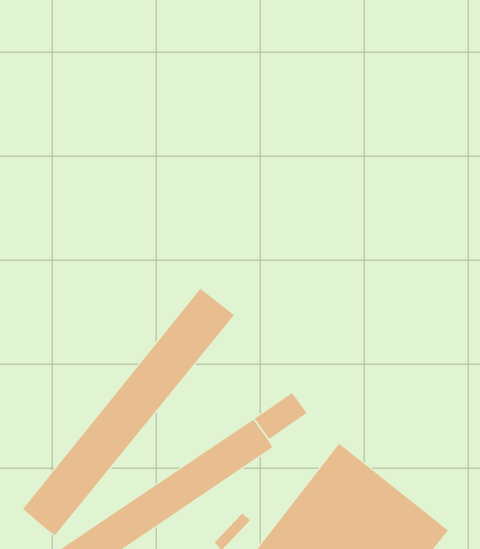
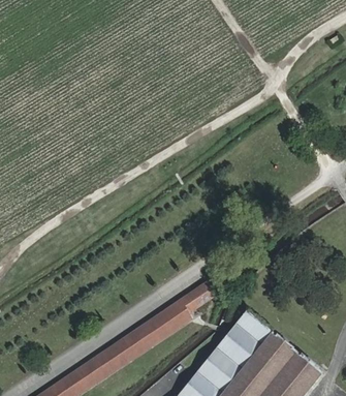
building: [22,288,235,536] -> none

